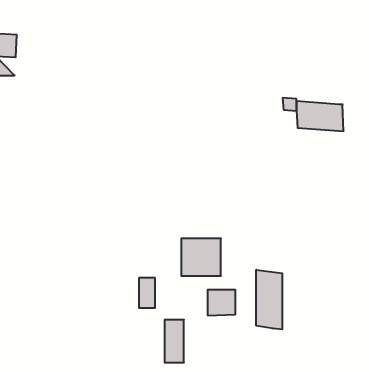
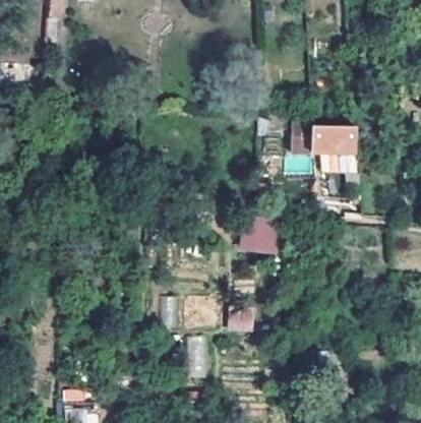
building: [181,238,221,276] -> [239,215,277,250]
building: [256,270,282,329] -> none

